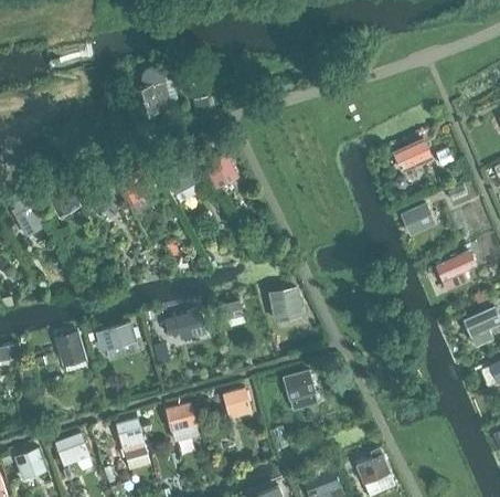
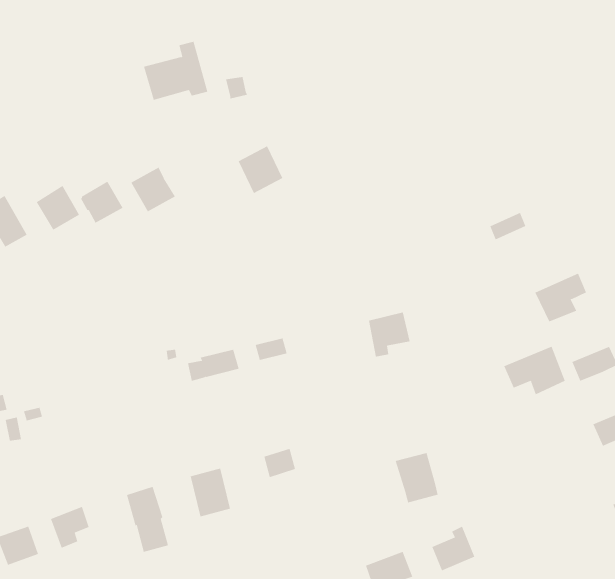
building: [393,140,432,171] -> none
building: [163,161,201,194] -> none
building: [267,287,300,322] -> [368,312,410,357]
building: none -> [504,346,566,395]
building: [102,322,137,350] -> none
building: [57,332,85,367] -> none
building: [284,370,318,410] -> [395,452,439,503]

